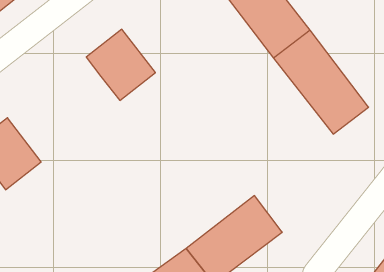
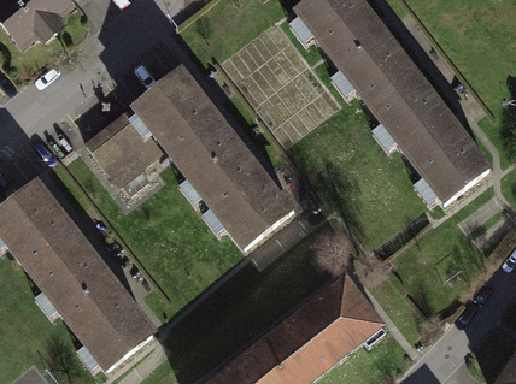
building: none -> [87,105,163,182]
building: none -> [177,124,291,246]
building: none -> [34,236,153,367]

